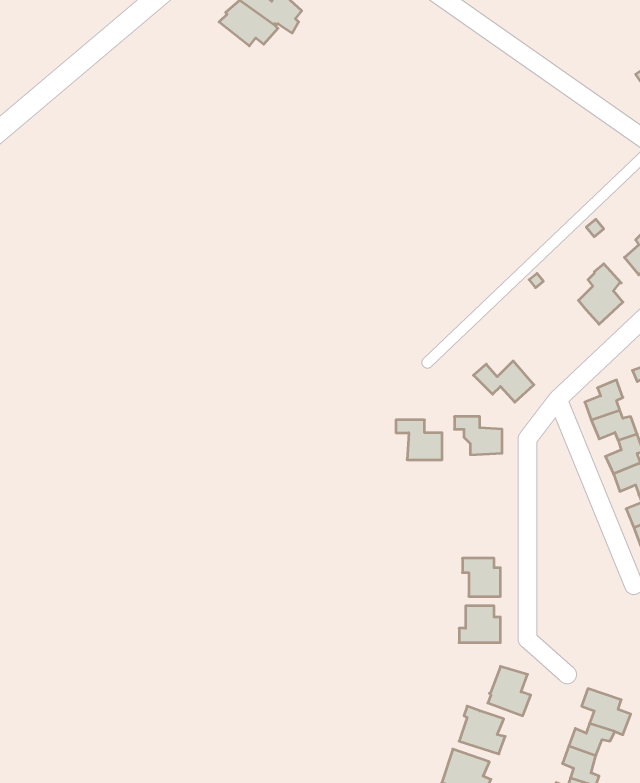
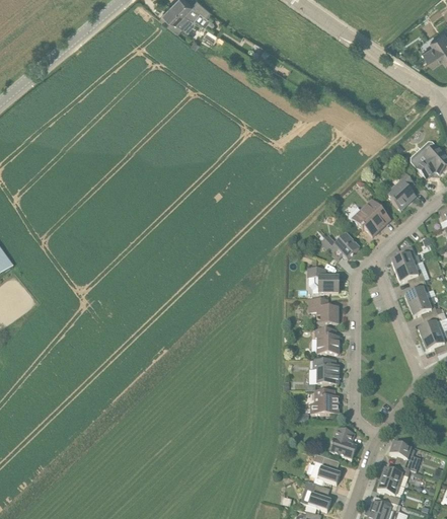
building: none -> [353,199,389,234]
building: [396,420,442,460] -> [309,297,339,322]
building: none -> [315,327,339,352]

